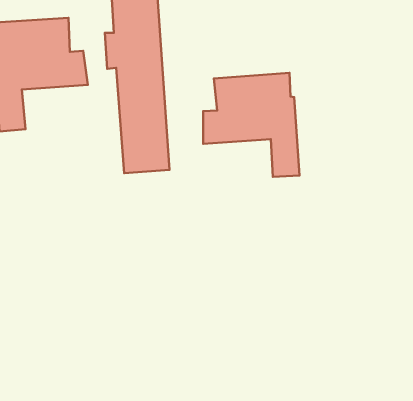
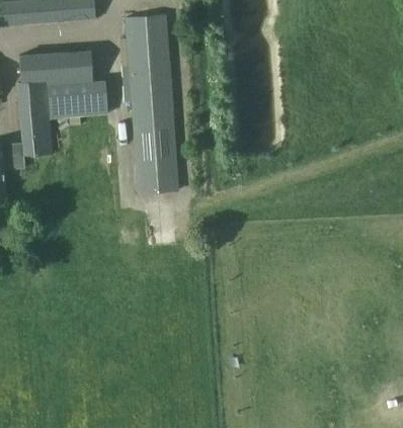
building: [203,73,300,177] -> none

